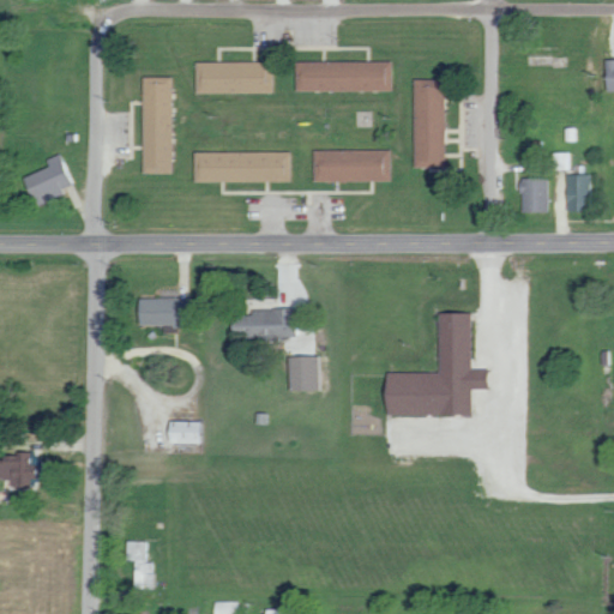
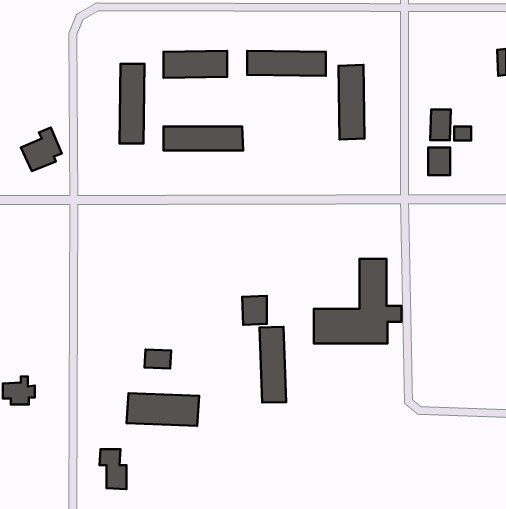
building: [315,150,392,181] -> none
building: [560,174,585,211] -> [430,109,451,140]
building: [143,297,189,332] -> none
building: [236,308,301,341] -> none
building: none -> [260,327,286,403]
building: none -> [127,393,199,426]

